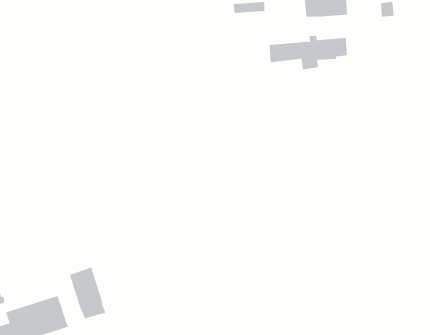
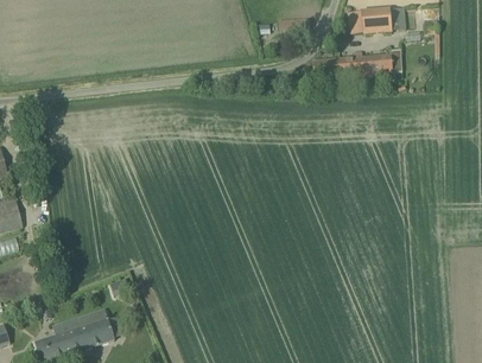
building: [69,267,106,319] -> none

